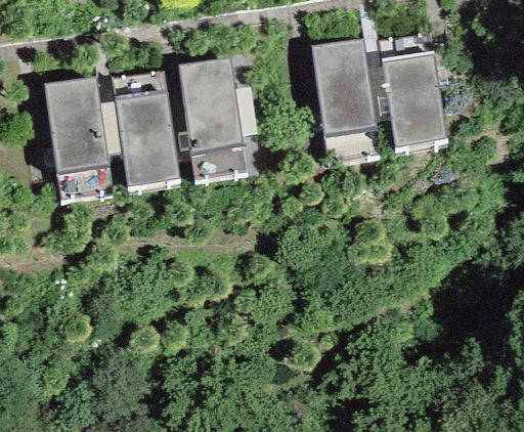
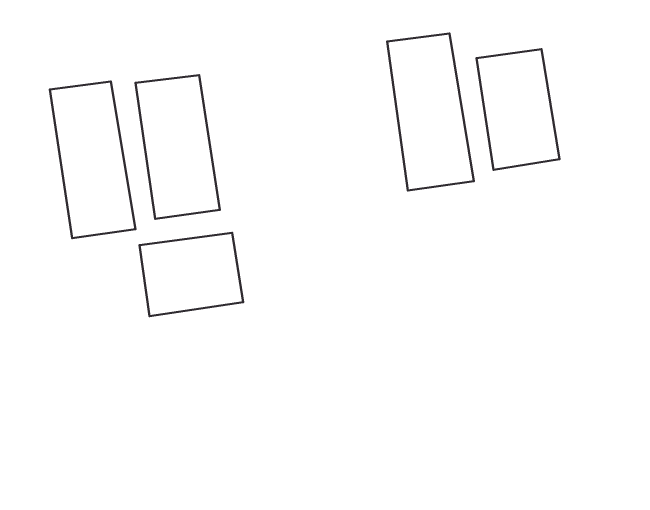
building: [178,57,246,180] -> none
building: none -> [139,233,243,316]

